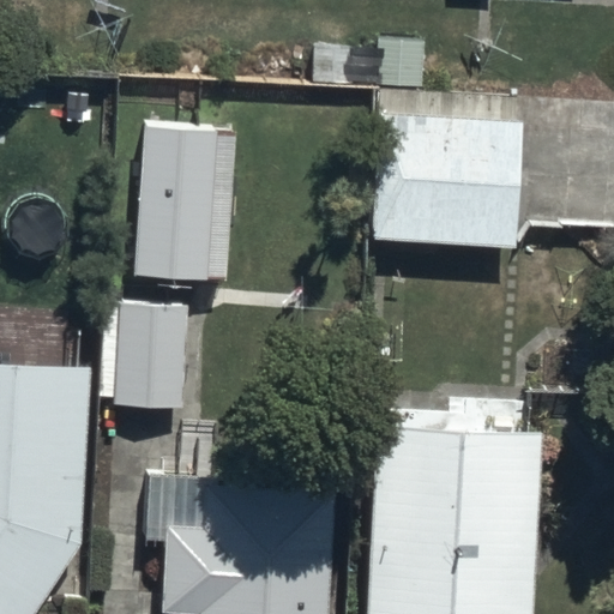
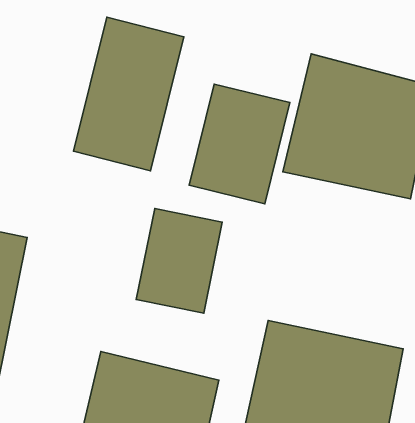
building: none -> [189,84,290,204]
building: [97,294,180,403] -> [136,209,222,313]

